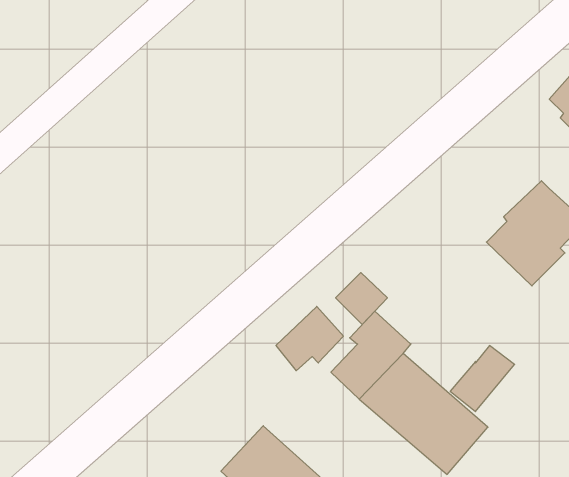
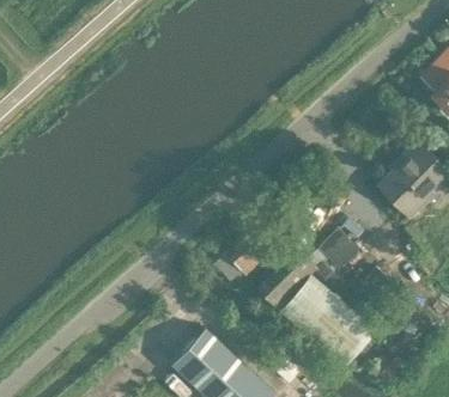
building: [336,273,387,324] -> [318,230,358,269]

